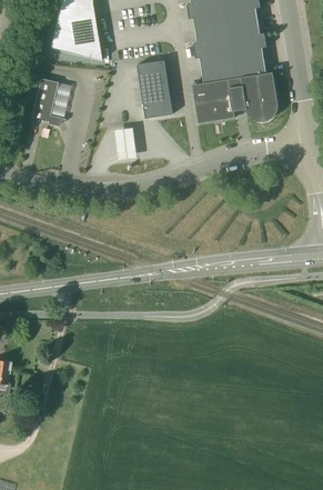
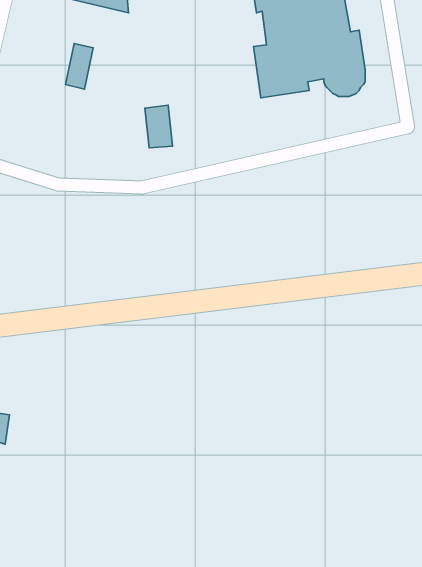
building: [138,60,173,118] -> none
building: [31,78,64,126] -> none

